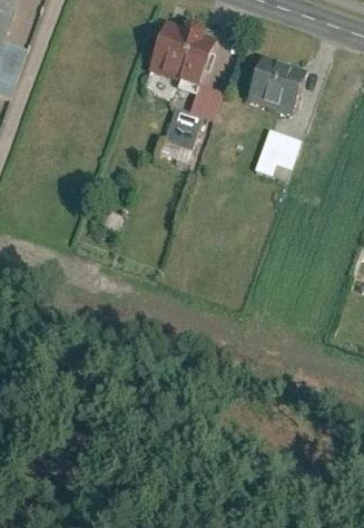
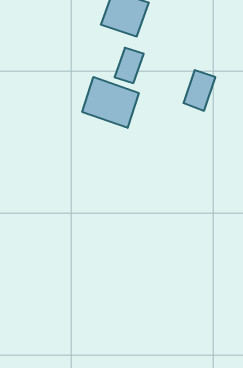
building: [246,59,307,118] -> none
building: none -> [82,77,139,128]

